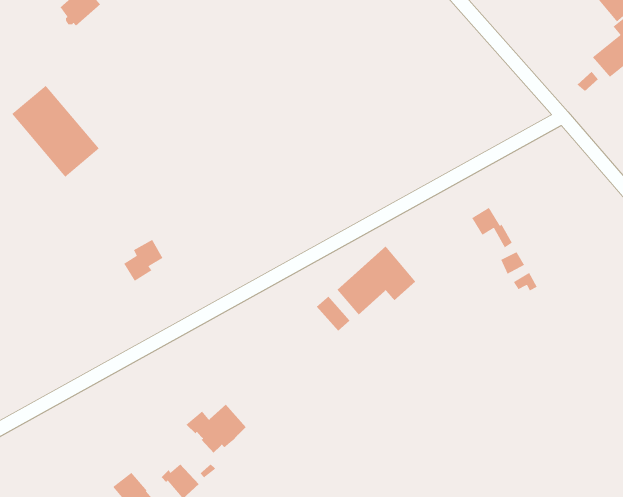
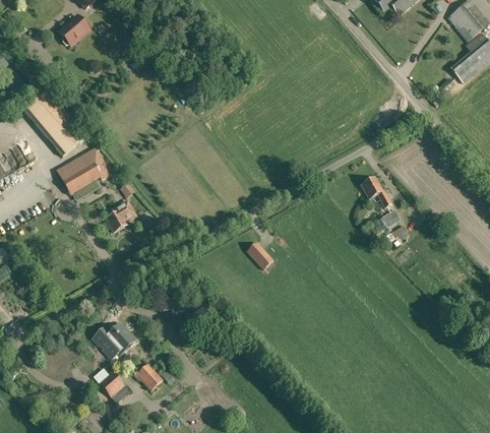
building: none -> [57,147,111,194]
building: [337,246,416,316] -> none
building: [186,404,247,454] -> [91,323,136,360]

